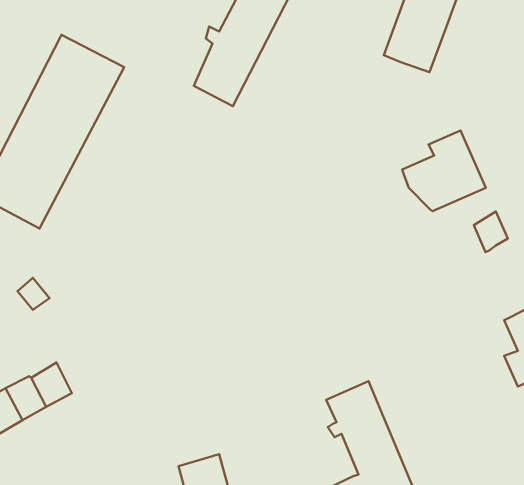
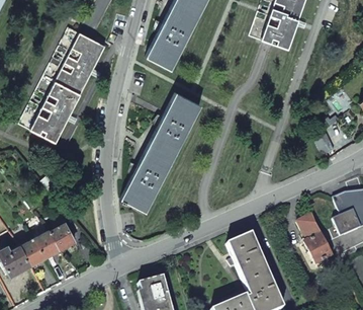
building: [402,131,486,211] -> none
building: none -> [121,92,200,211]
building: none -> [296,214,333,264]

